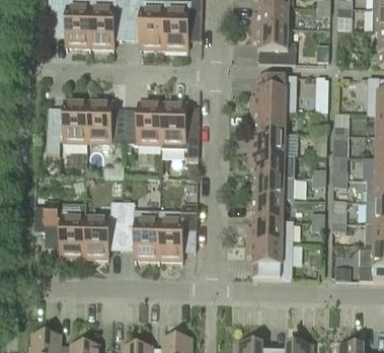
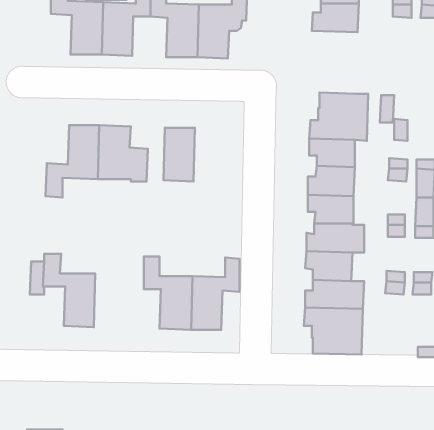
building: [252,26,296,63] -> none
building: [161,101,200,158] -> none
building: [84,200,123,256] -> none

